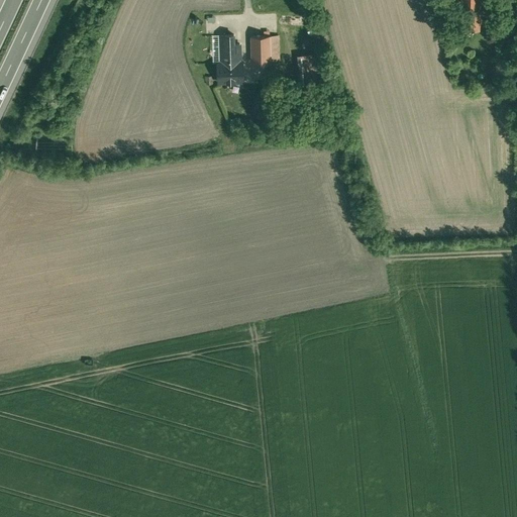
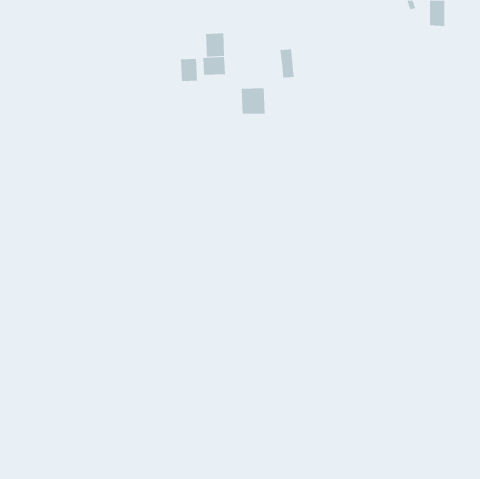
building: [250,36,277,65] -> [241,88,265,114]
building: none -> [180,58,198,82]

